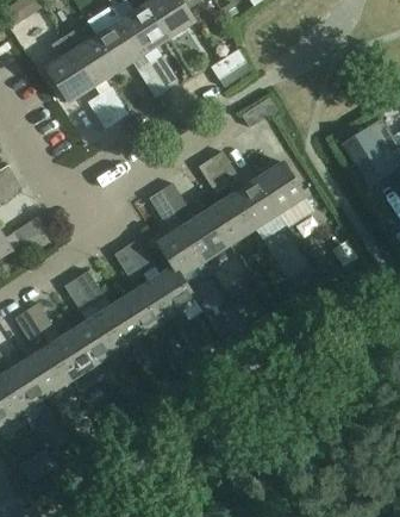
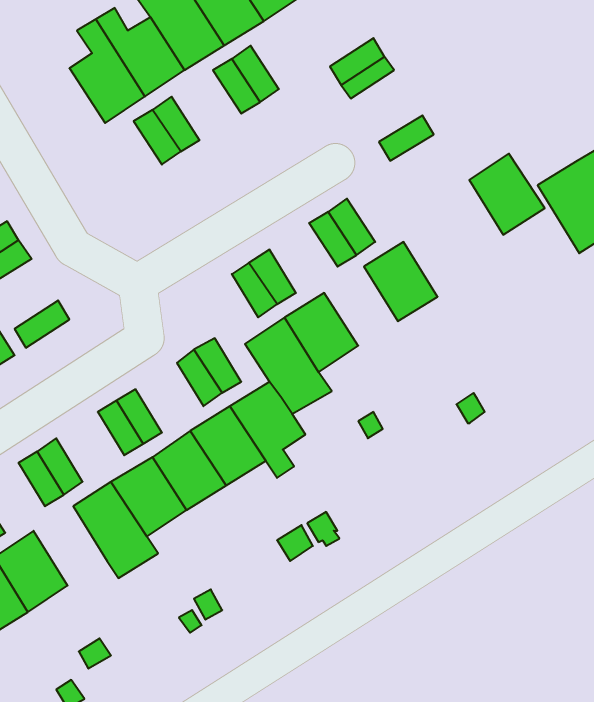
building: [256,161,304,212] -> [469,154,545,235]
building: [206,193,252,243] -> none
building: [23,344,69,394] -> none

